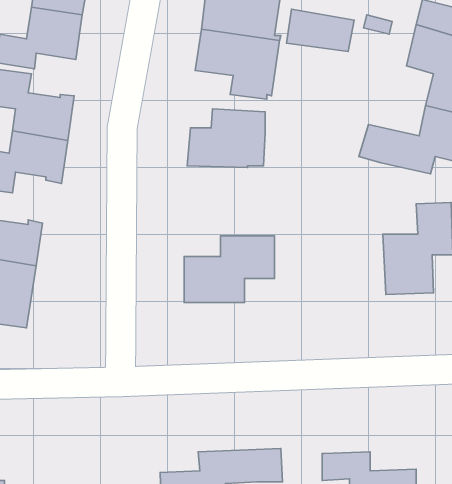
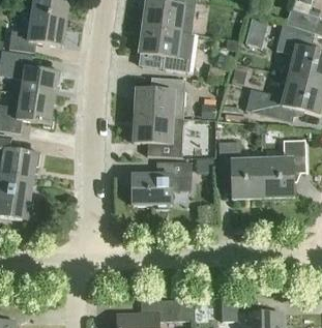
building: [287,9,354,52] -> none
building: none -> [133,115,181,156]
building: none -> [217,141,263,200]

